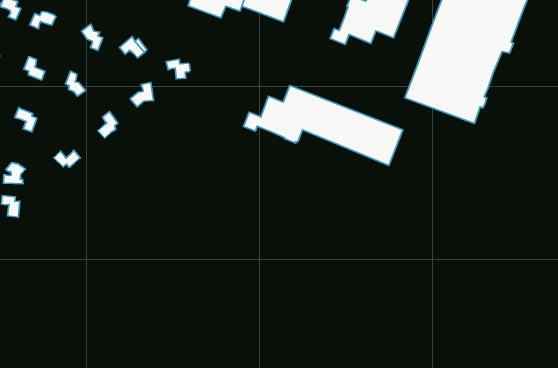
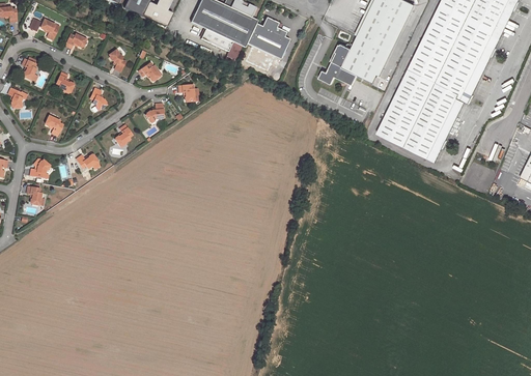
building: [243,85,403,165] -> none

